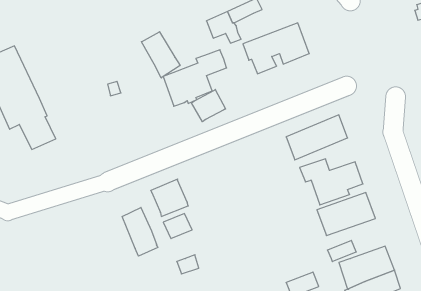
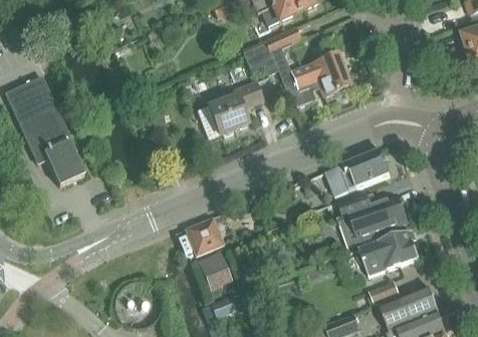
building: [141,32,180,78] -> none
building: [192,89,226,122] -> none
building: [122,207,158,256] -> none

